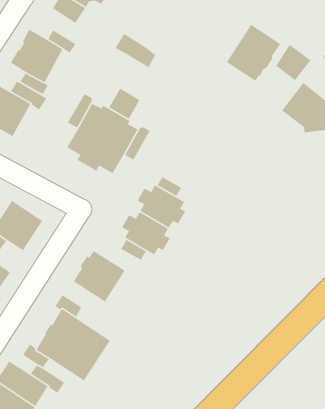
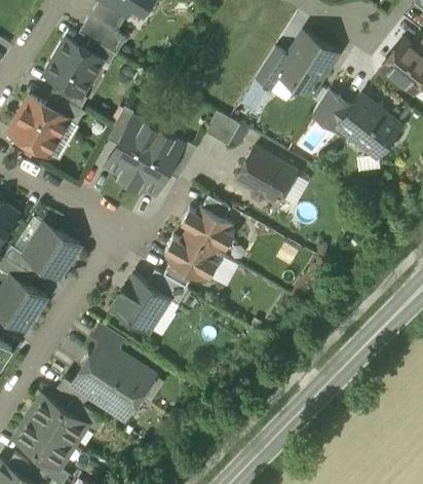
building: [114,33,156,68] -> [79,16,124,54]
building: none -> [255,48,289,89]
building: [275,44,311,81] -> [312,90,351,131]
building: [108,88,141,120] -> [204,112,239,147]
building: none -> [235,149,295,204]
building: none -> [146,271,188,306]

